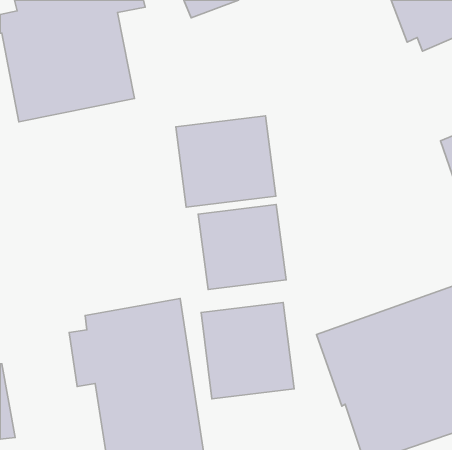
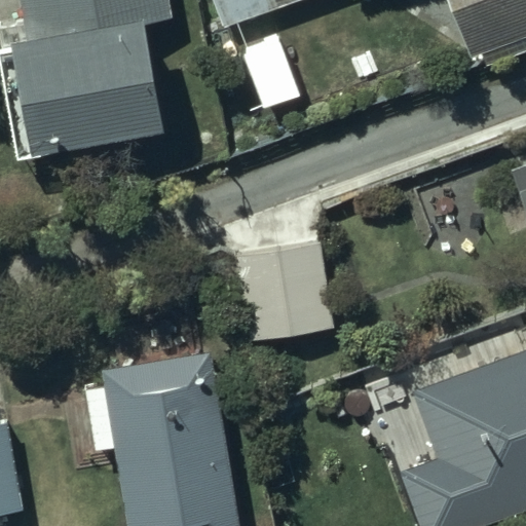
building: [176,116,276,207] -> none
building: [201,302,294,399] -> none

